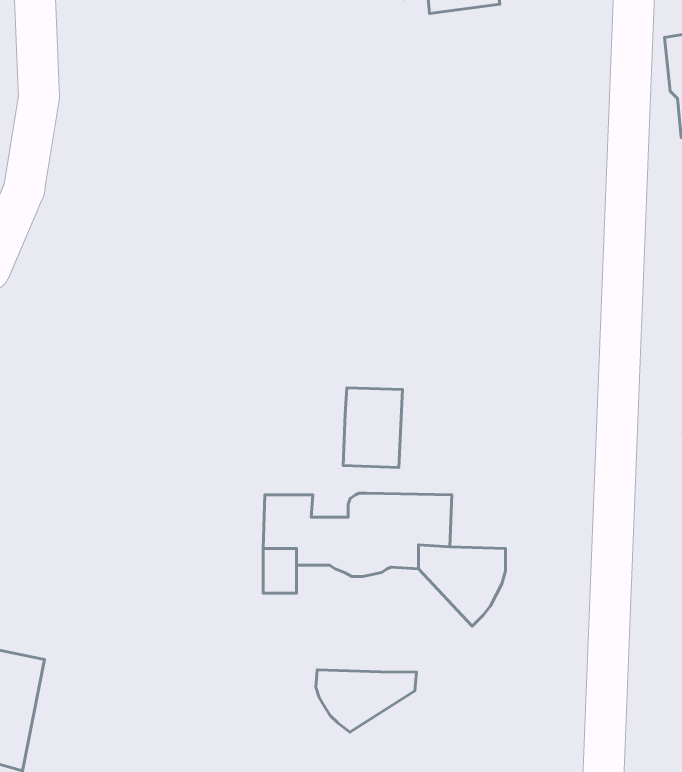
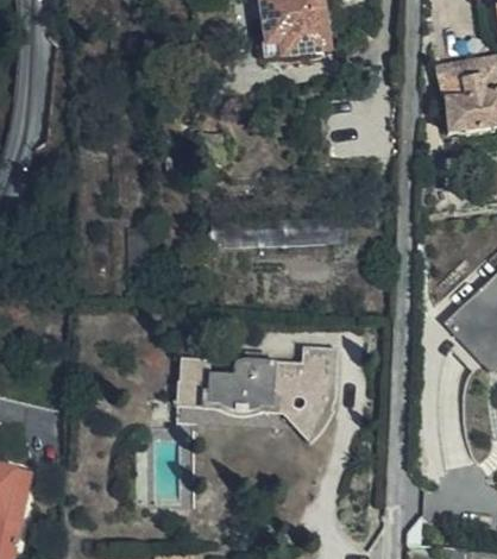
building: [343,388,403,467] -> [296,345,334,396]
building: [316,670,416,732] -> none

